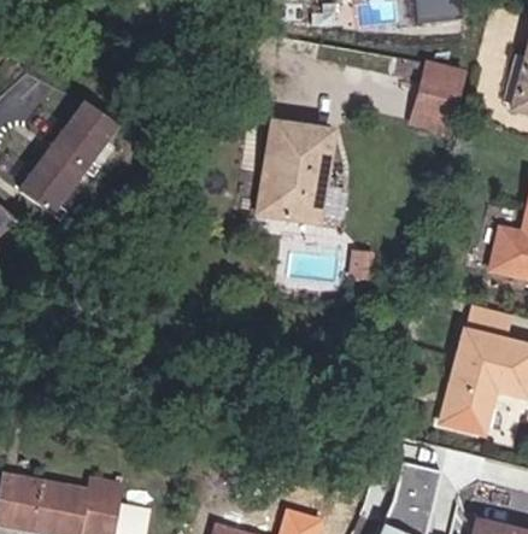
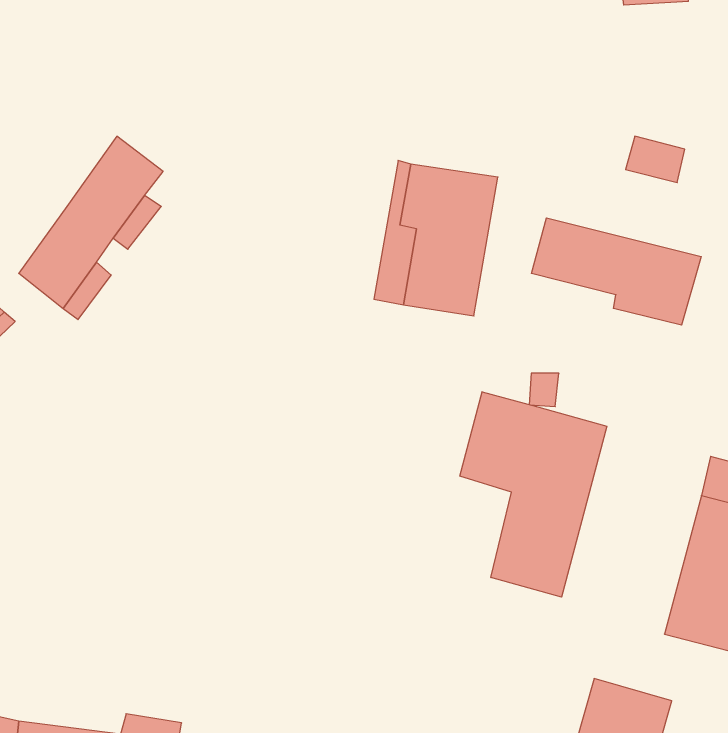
building: [421,59,464,108] -> none
building: none -> [531,218,701,325]
building: none -> [460,392,607,597]

